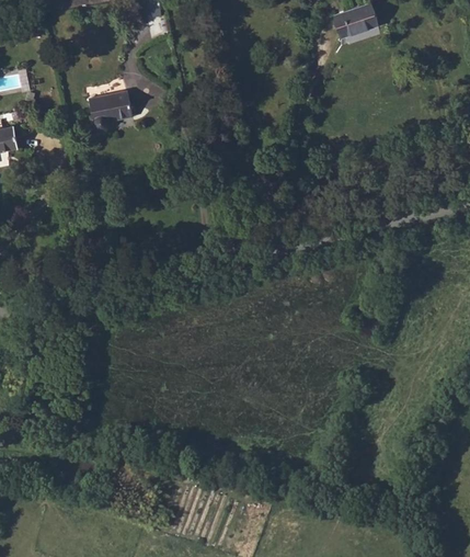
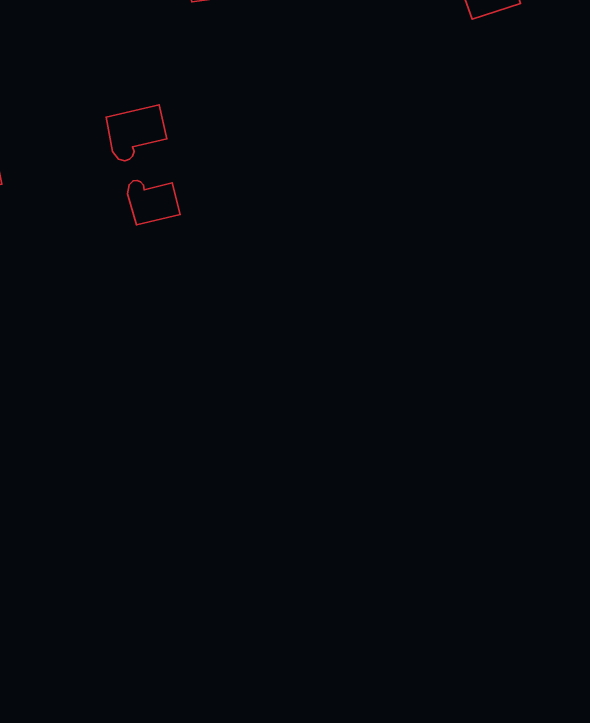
building: none -> [128,180,180,225]

